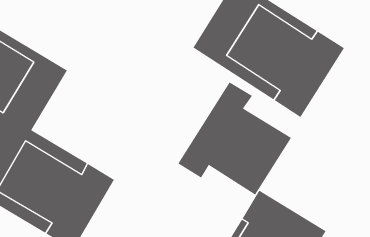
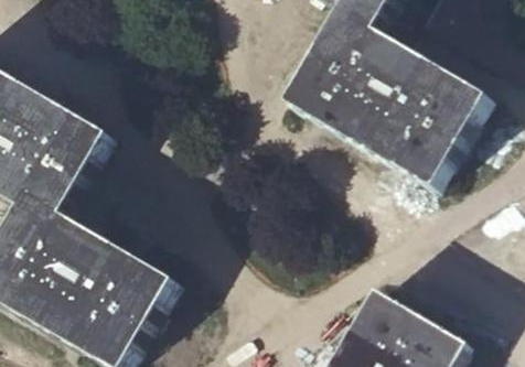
building: [178,81,292,195] -> none

